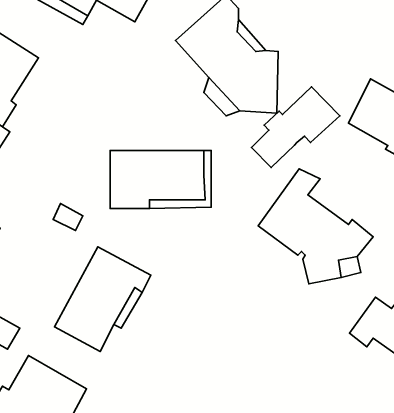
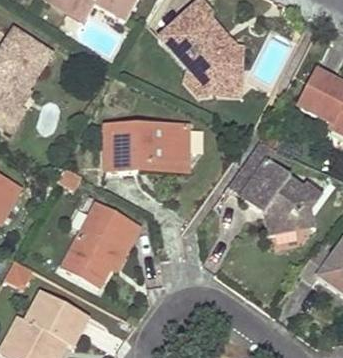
building: [252,87,340,168] -> none

